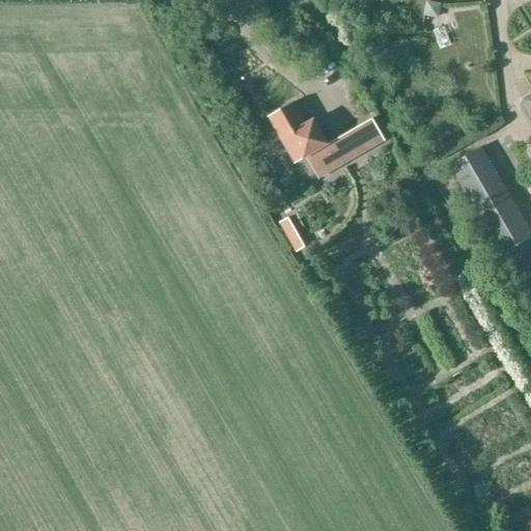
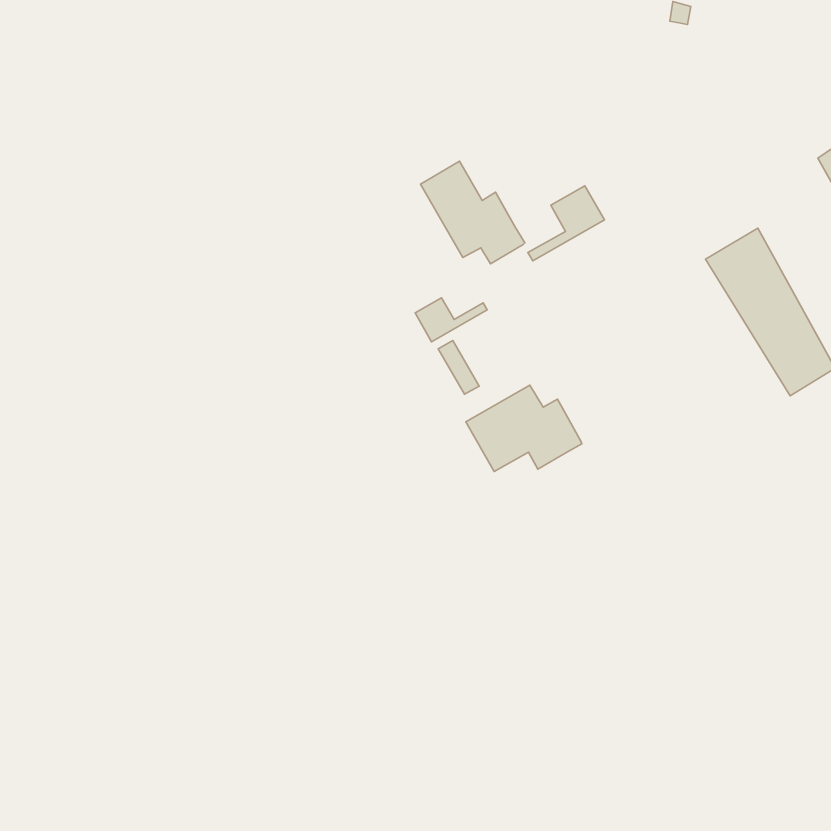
building: none -> [415,298,487,342]
building: none -> [466,385,582,471]

